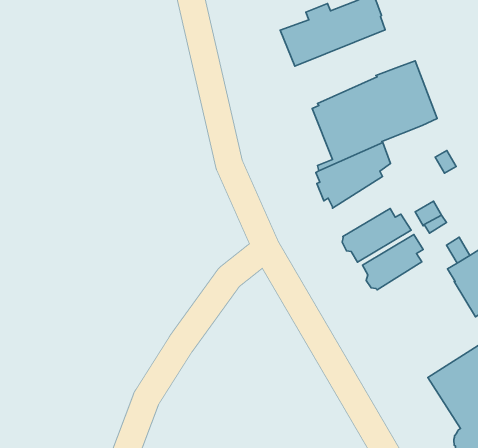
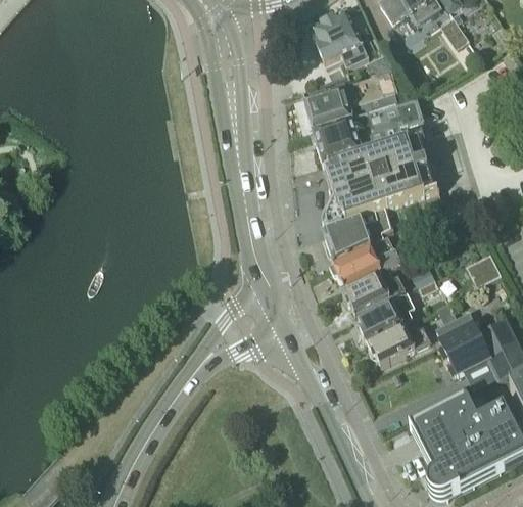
building: none -> [314,99,424,167]
building: none -> [332,236,400,289]
building: none -> [368,319,430,363]

